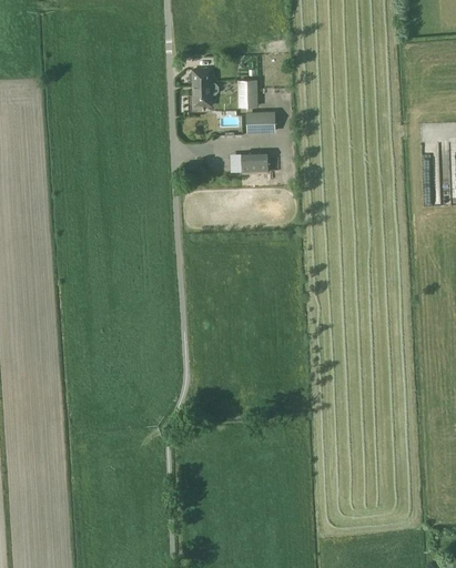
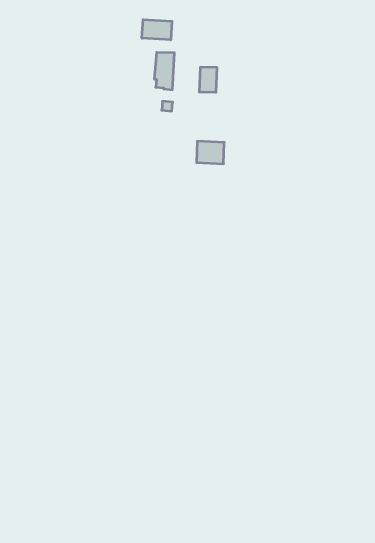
building: none -> [142,20,172,40]
building: [249,113,275,132] -> none

